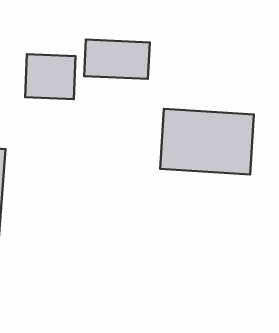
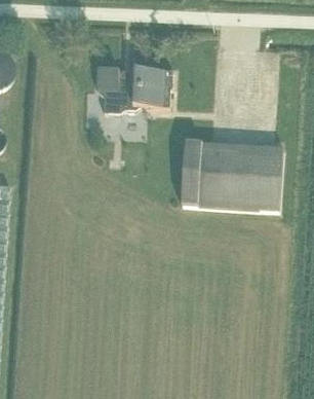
building: [25,54,76,99] -> none

